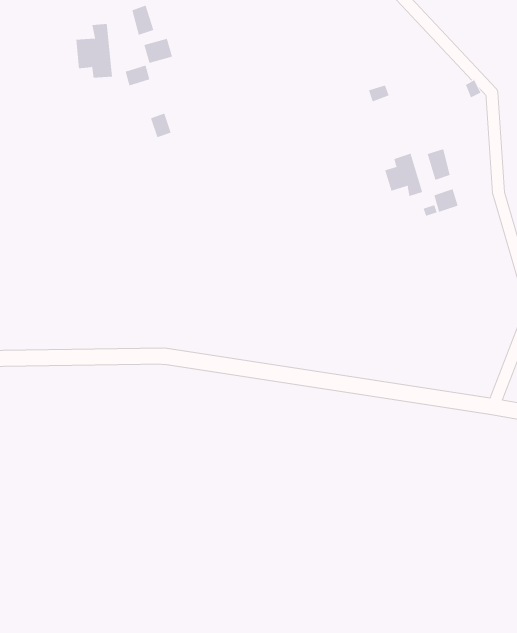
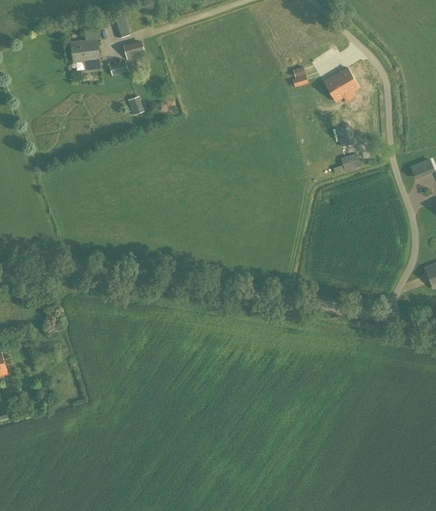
building: none -> [323,68,358,102]
building: [385,153,423,197] -> none

